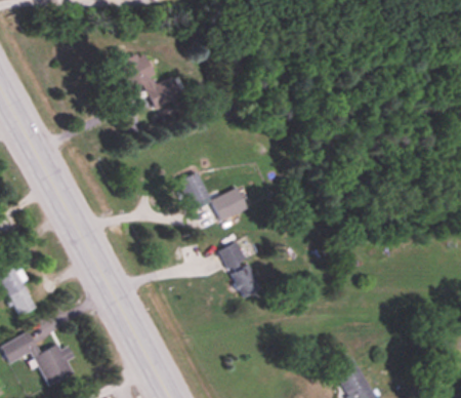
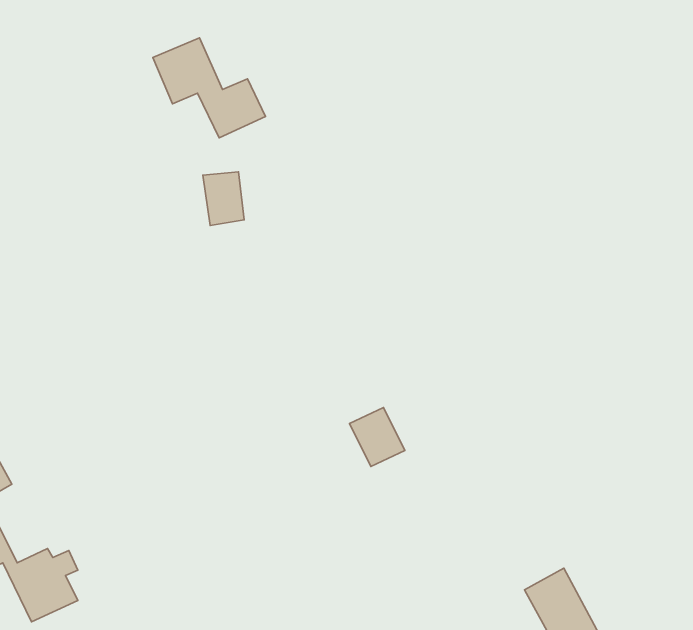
building: [181,172,205,203] -> [203,172,244,225]
building: [212,188,248,221] -> none
building: [218,242,247,271] -> none

